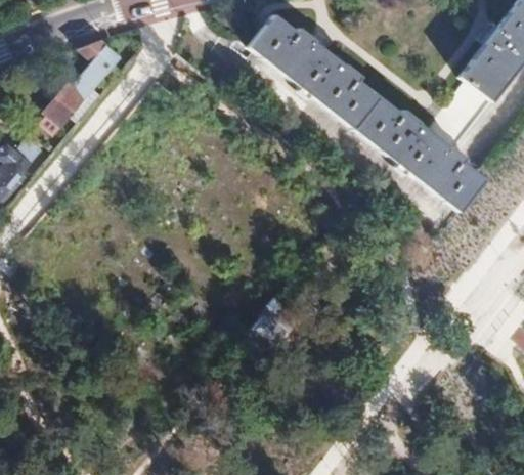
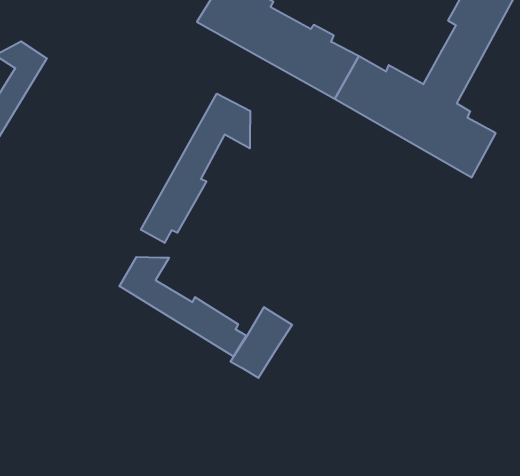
building: none -> [141,94,250,243]
building: none -> [119,257,246,357]

